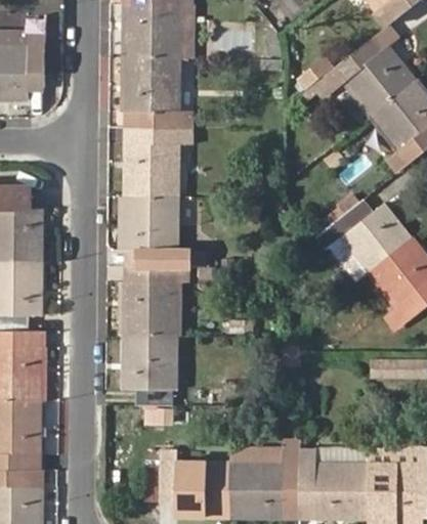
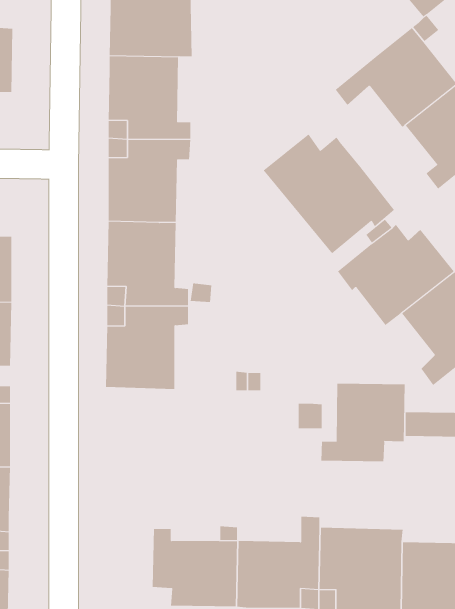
building: none -> [263,134,395,254]
building: none -> [321,383,405,462]
building: [120,333,179,404] -> none

